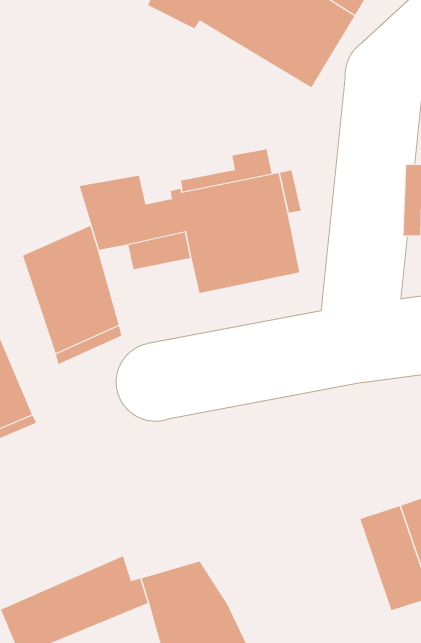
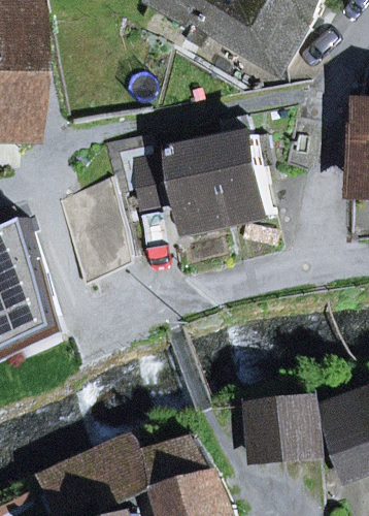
building: none -> [247,401,315,463]

